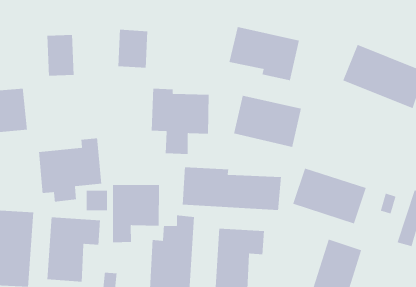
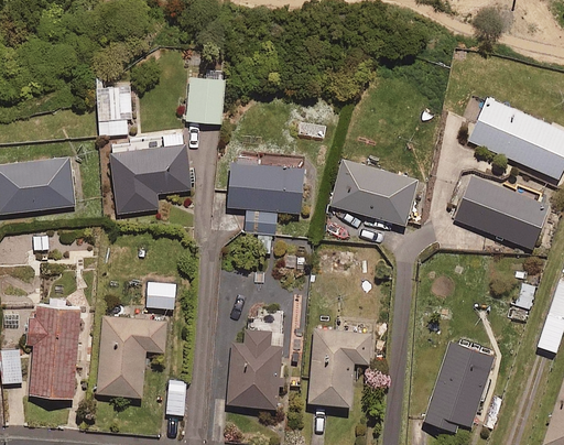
building: [229,26,300,81] -> none
building: [38,137,102,203] -> [109,130,189,211]
building: [182,166,282,211] -> none
building: [292,167,367,225] -> [454,175,547,247]
building: [112,184,160,243] -> none

